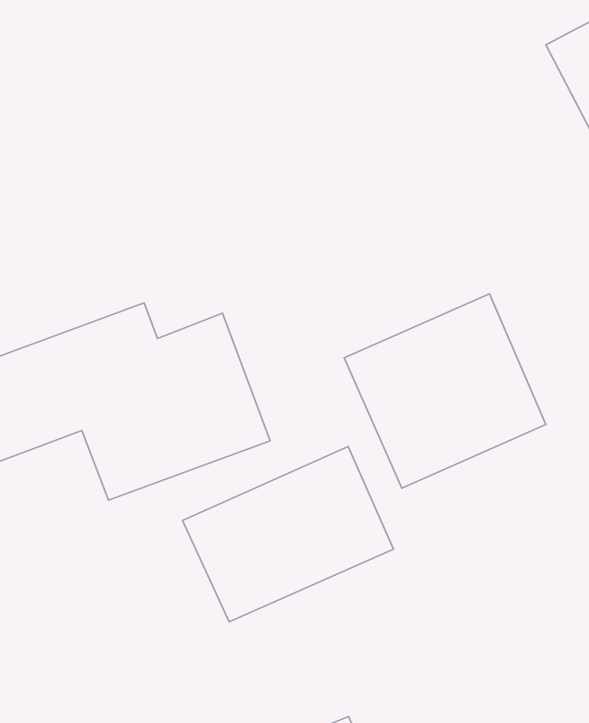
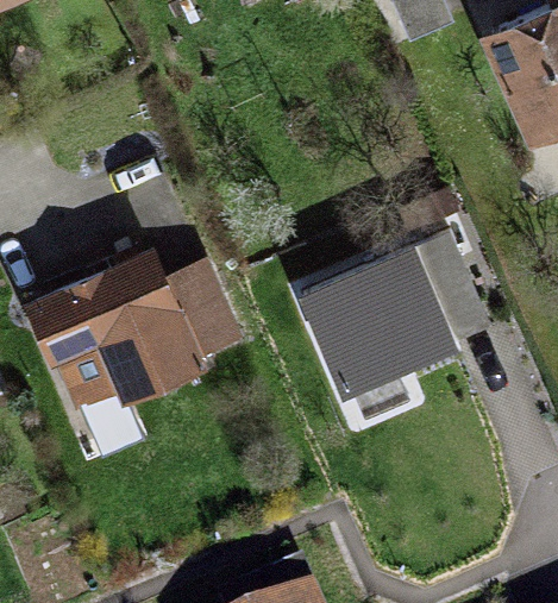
building: [183,447,394,622] -> none

